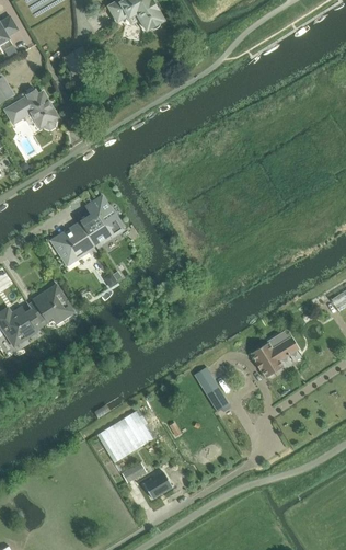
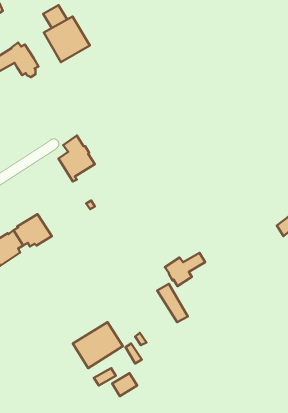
building: none -> [44,17,90,62]
building: [49,224,95,266] -> none
building: [251,337,297,376] -> [165,253,205,286]

